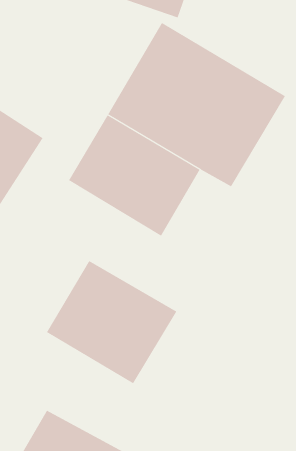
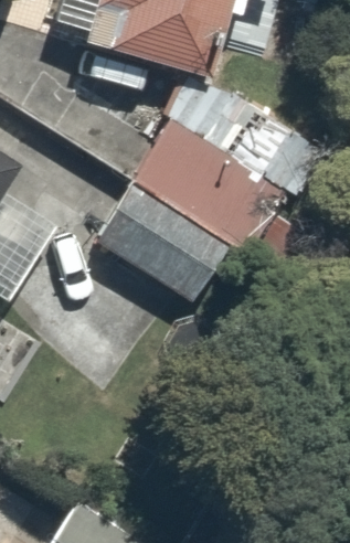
building: [46,260,177,384] -> none

